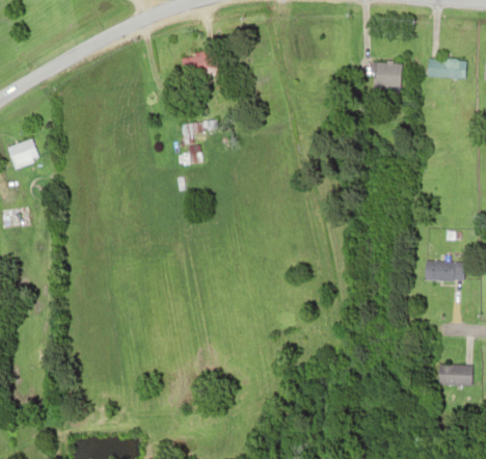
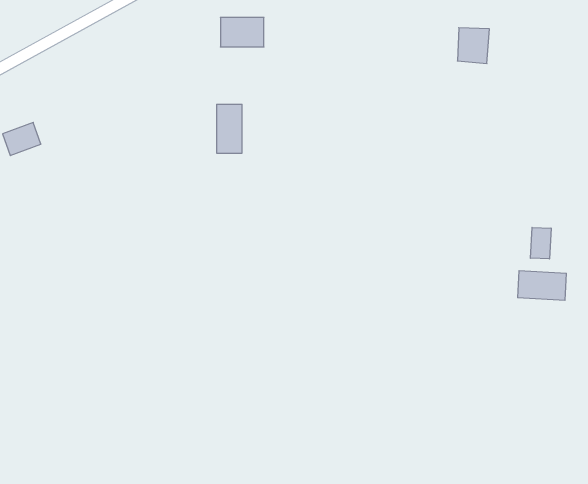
building: [427,57,464,77] -> none
building: none -> [530,227,551,259]
building: [438,363,470,384] -> none

